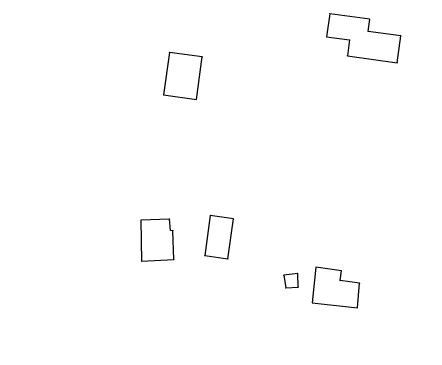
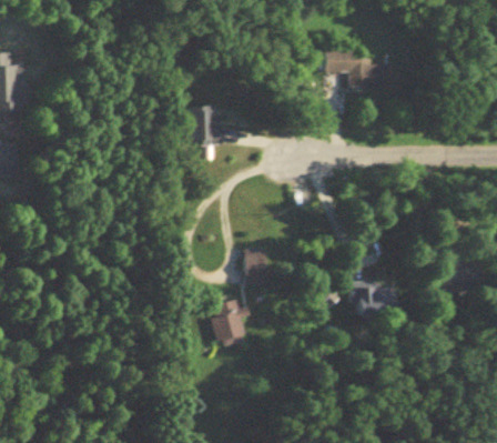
building: [141,219,174,261] -> [214,302,248,343]

